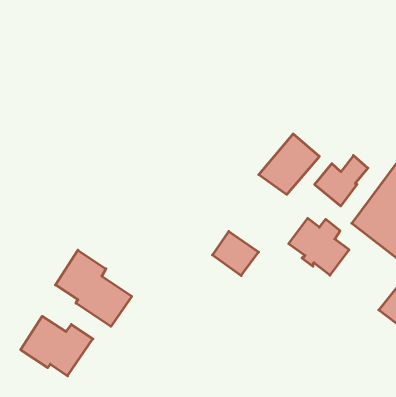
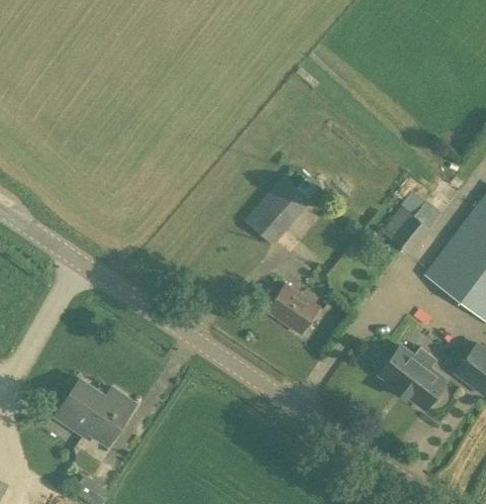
building: [259,134,319,194] -> [245,177,312,244]
building: [289,218,349,275] -> [379,346,447,410]
building: [55,250,132,326] -> none

